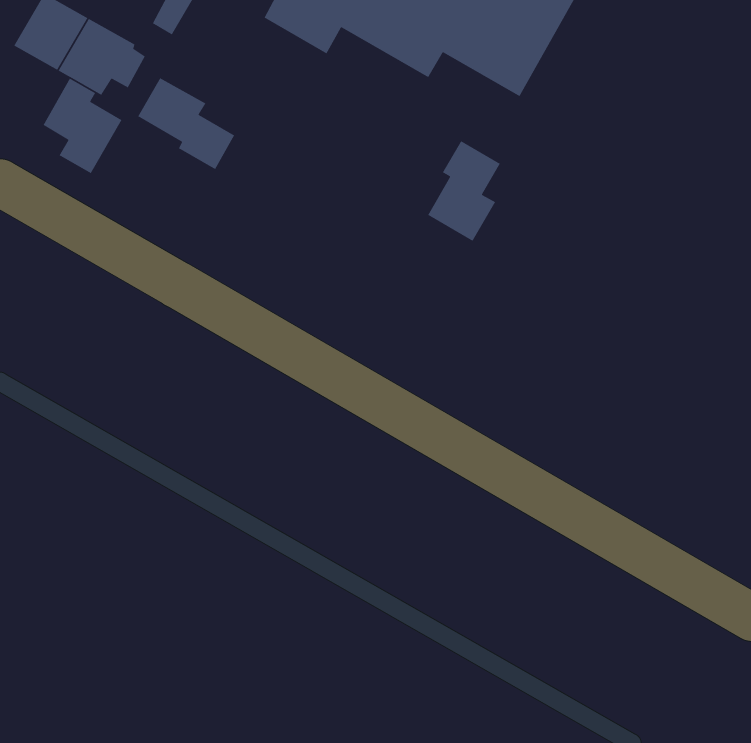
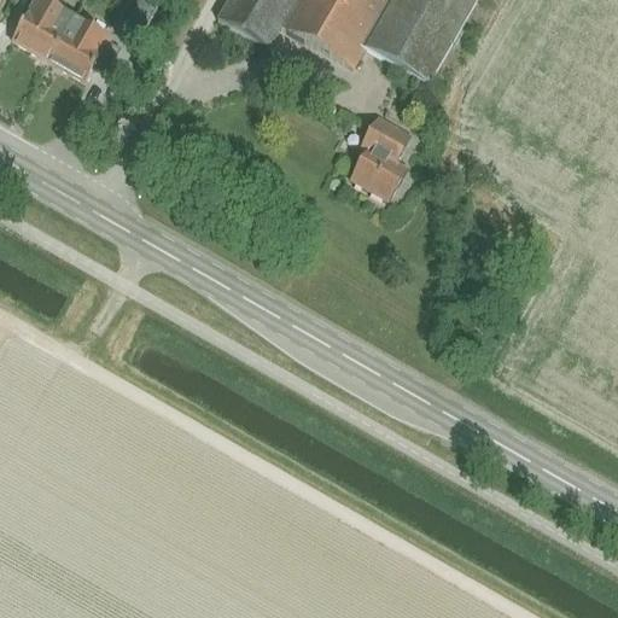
building: [137,77,235,170] -> none
building: [42,78,122,174] -> none

